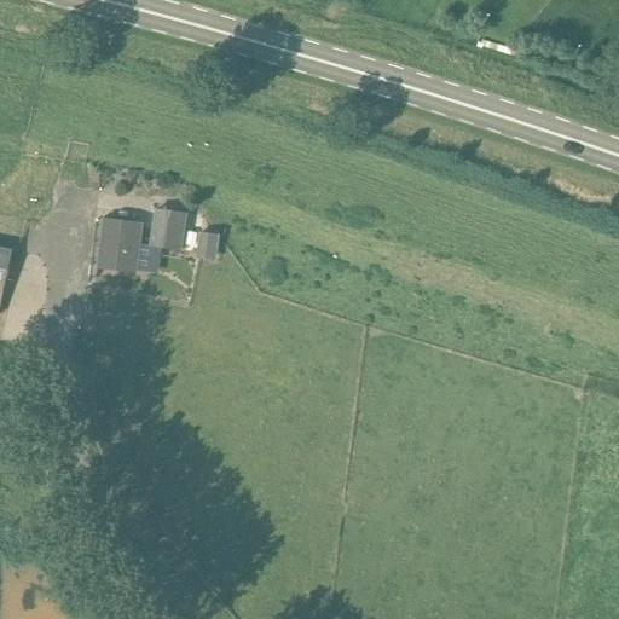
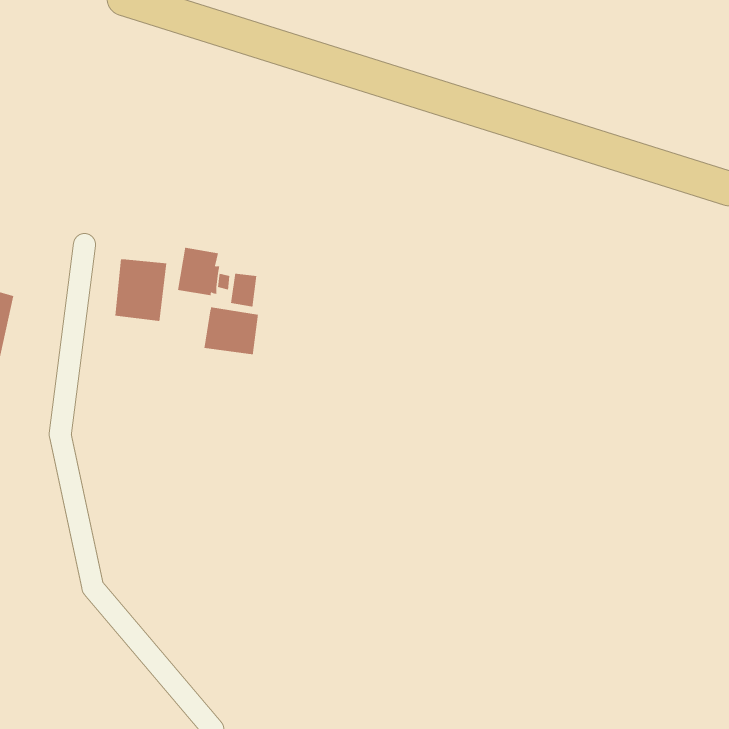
building: none -> [204,306,259,355]

